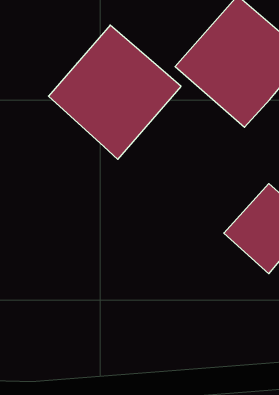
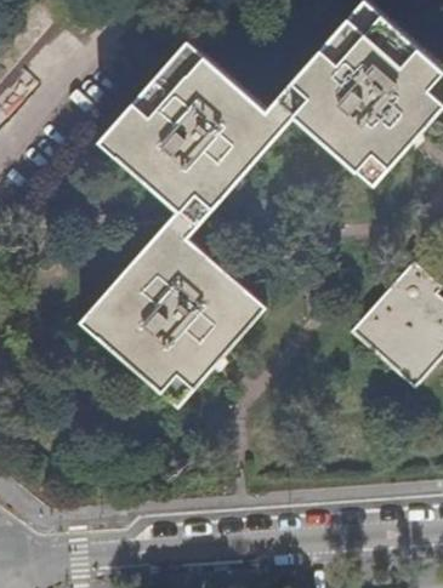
building: none -> [78,223,262,409]

